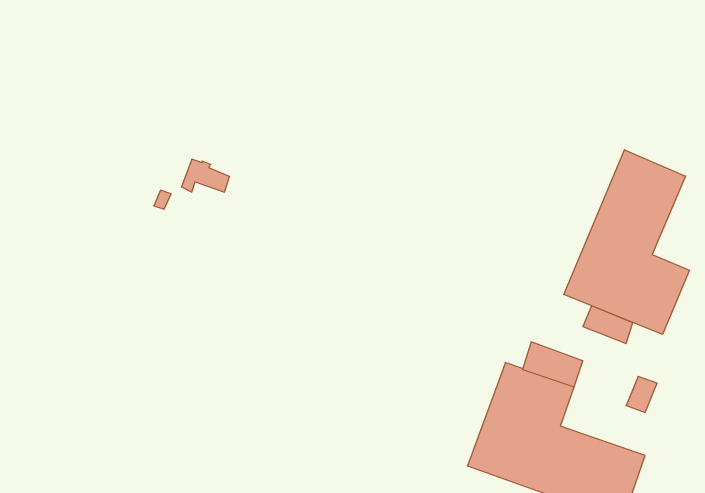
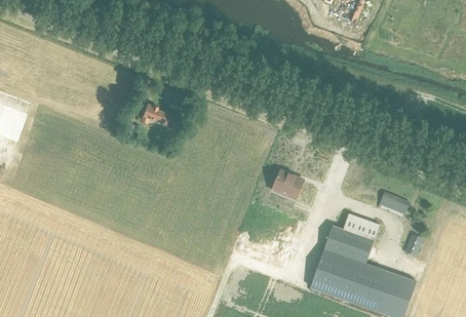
building: [564,150,689,334] -> none
building: none -> [272,170,303,199]

